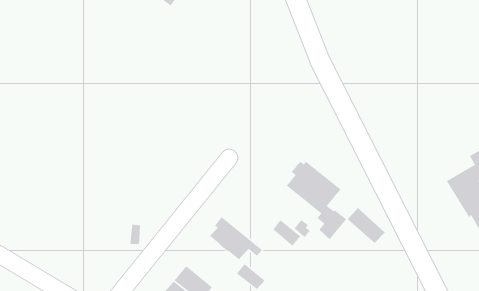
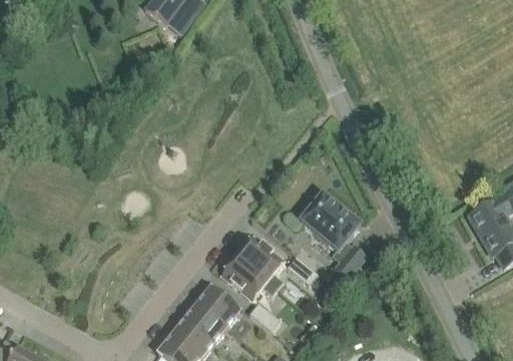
building: none -> [233,238,283,289]
building: [347,207,386,244] -> none
building: none -> [194,288,238,328]

